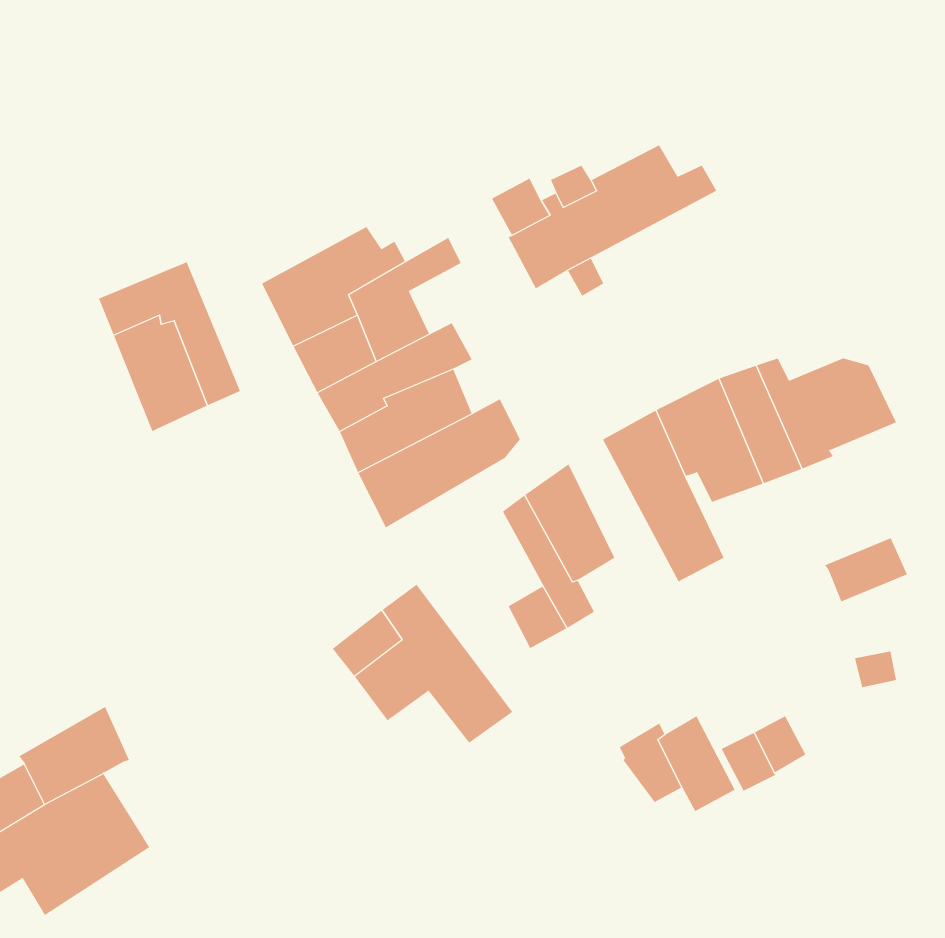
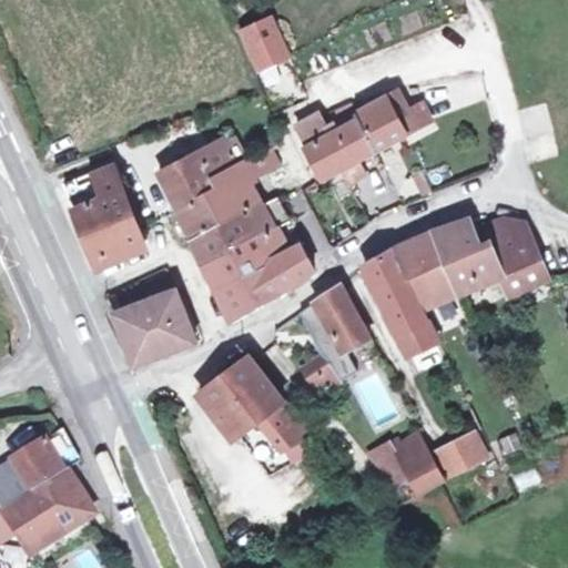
building: none -> [242,11,290,62]
building: none -> [111,290,194,364]
building: [824,537,908,602] -> [497,258,547,297]

